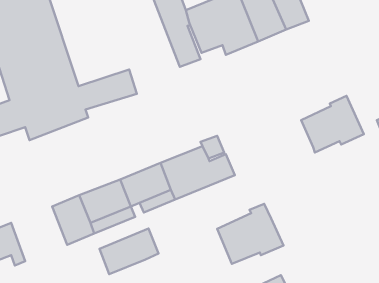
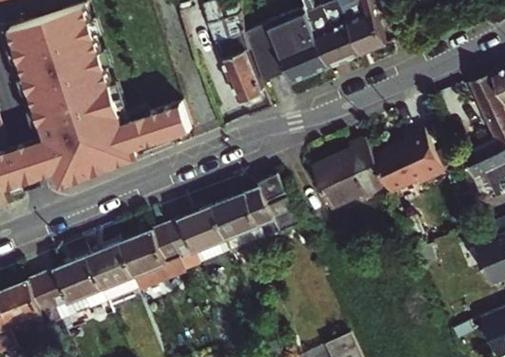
building: [217,204,283,264] -> [311,141,387,210]
building: none -> [41,257,105,320]
building: [100,228,158,274] -> none

